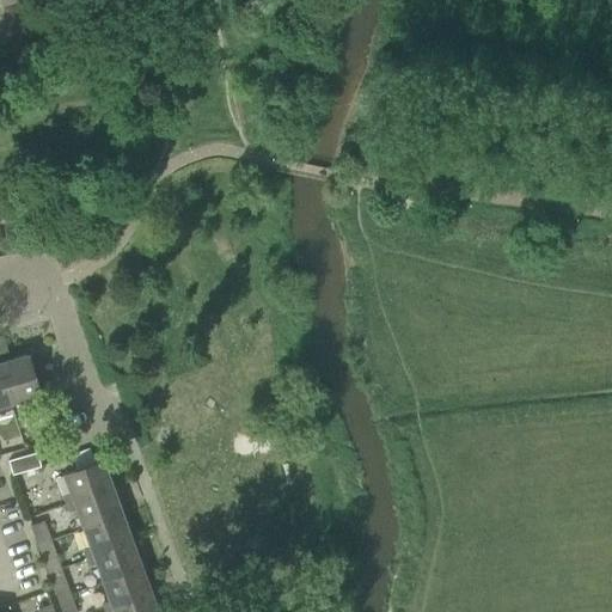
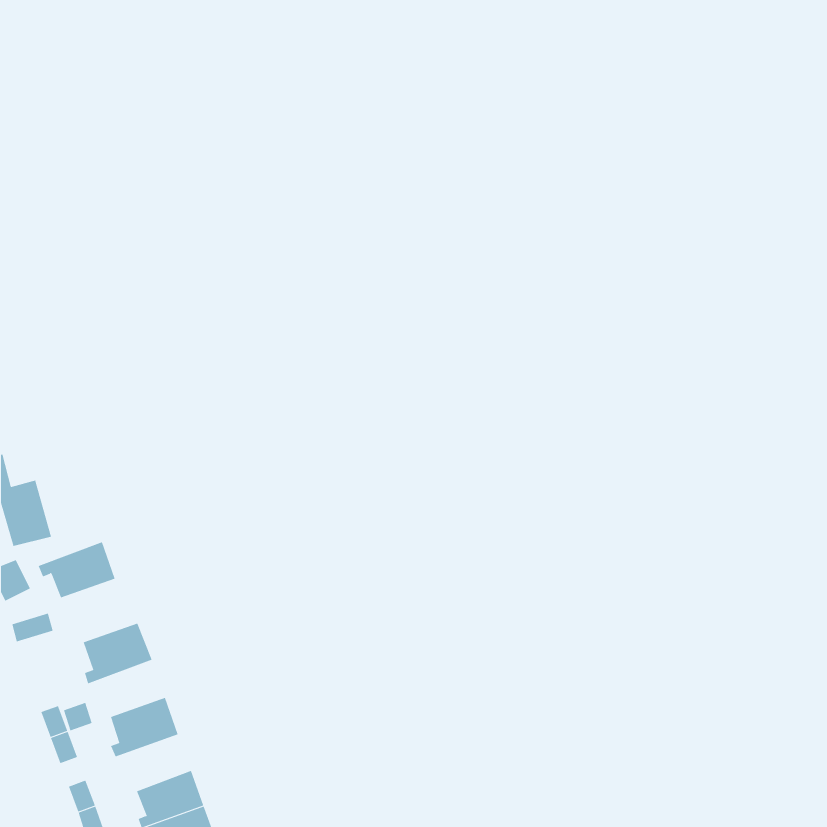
building: [66,488,123,530] -> [38,541,116,598]
building: [86,543,142,585] -> none

